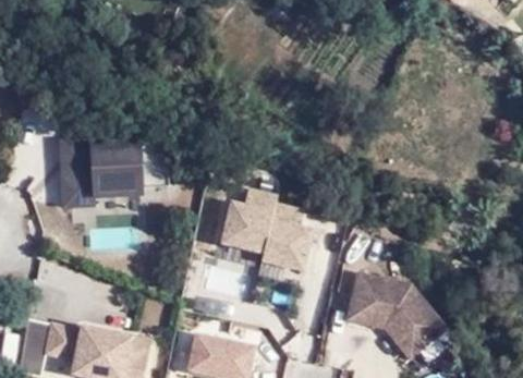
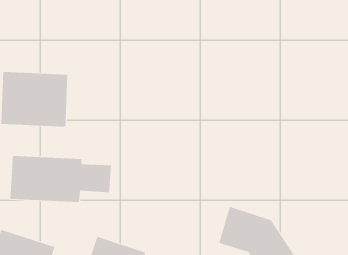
building: [219,191,315,269] -> none
building: none -> [10,155,111,203]

